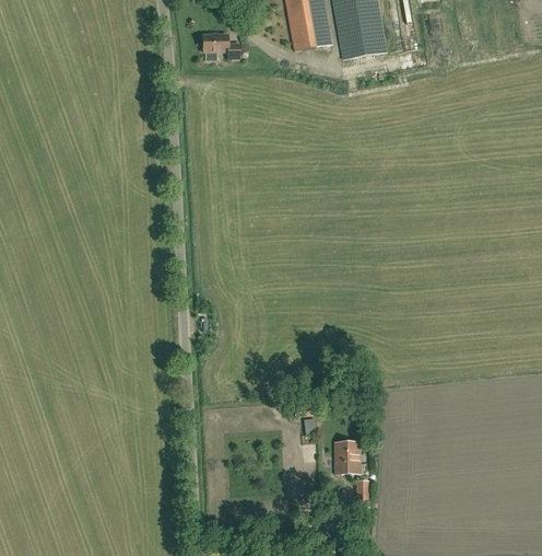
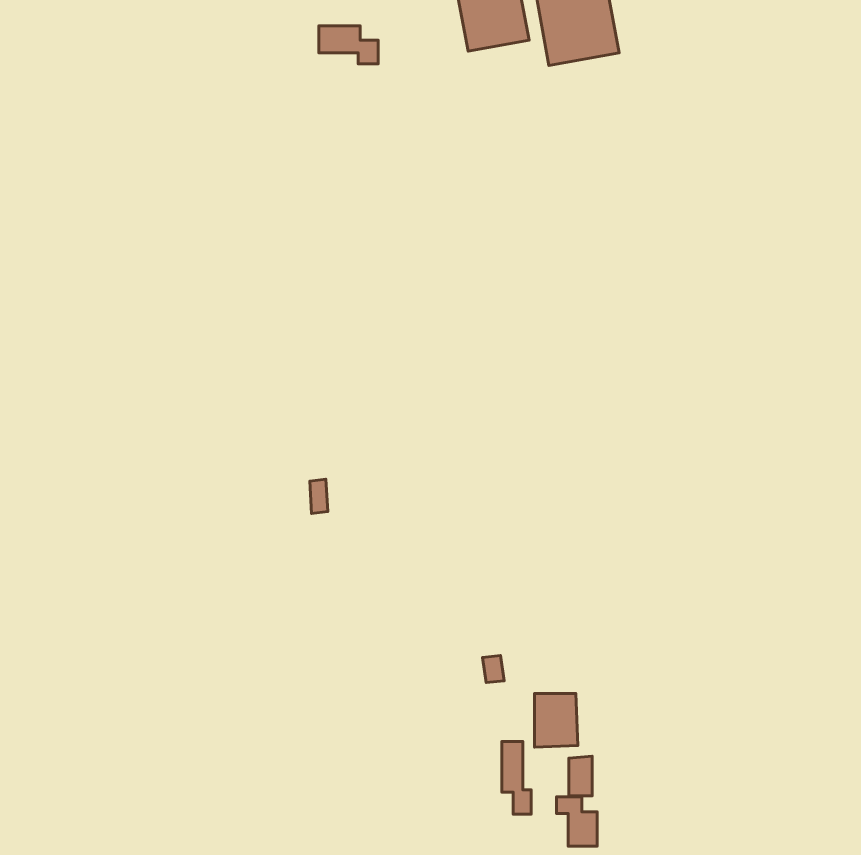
building: none -> [502,742,531,814]
building: none -> [556,797,597,846]

